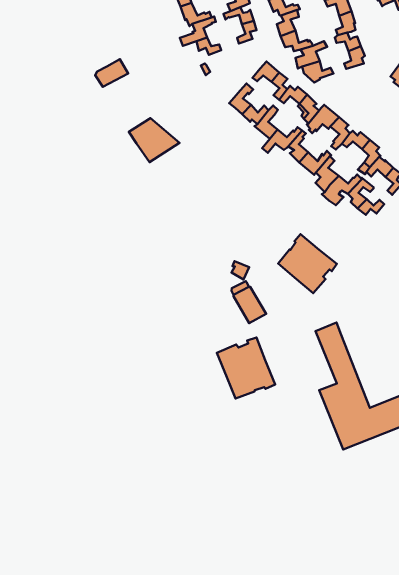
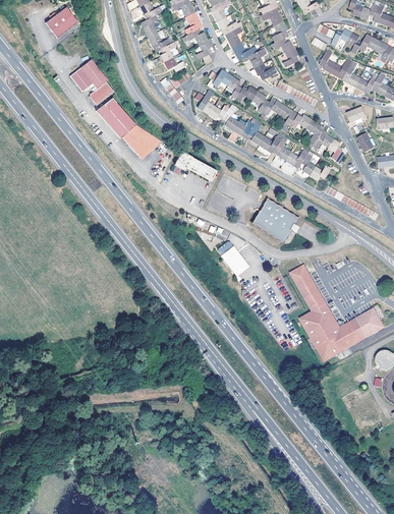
building: none -> [69,59,107,92]
building: none -> [96,97,135,138]
building: none -> [172,152,216,182]
building: [217,338,275,398] -> none

